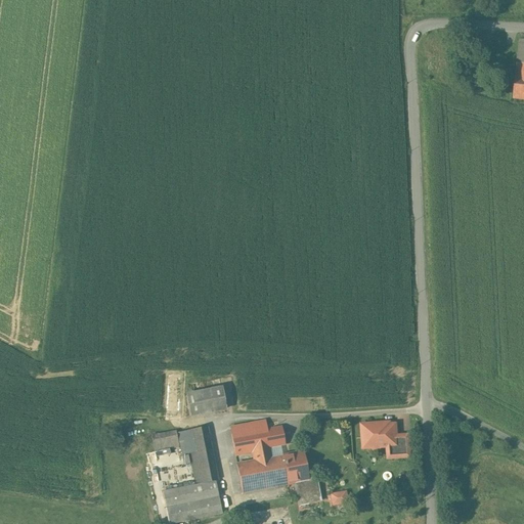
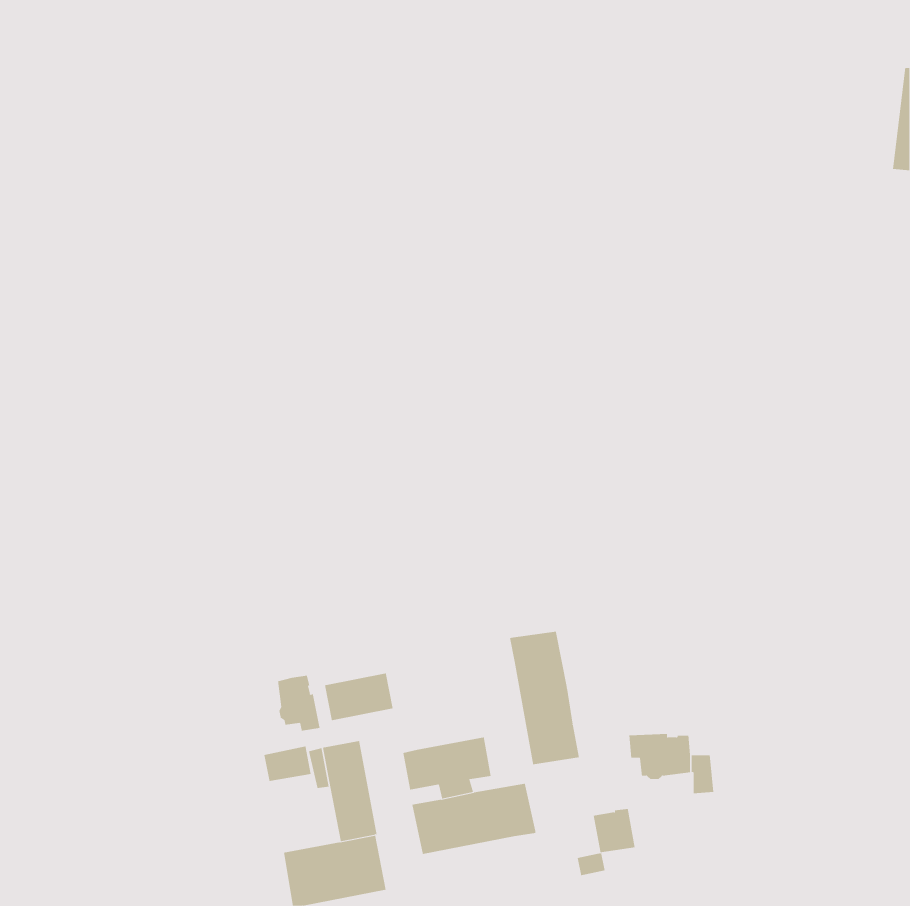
building: none -> [509,631,580,765]
building: none -> [277,675,320,732]
building: [296,477,320,503] -> [593,808,636,853]

